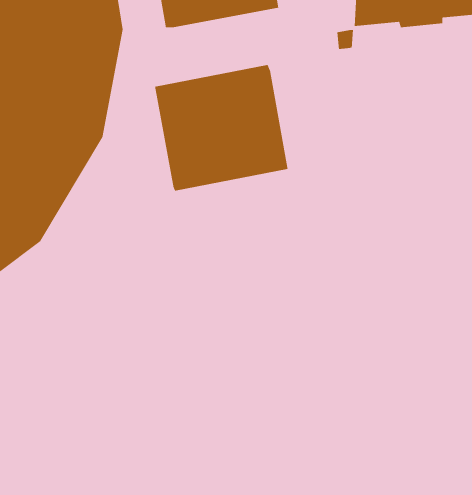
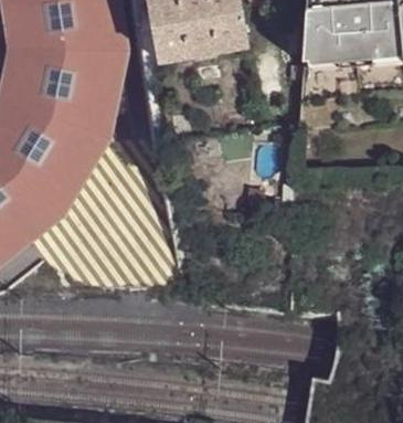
building: [154,64,288,192] -> none

